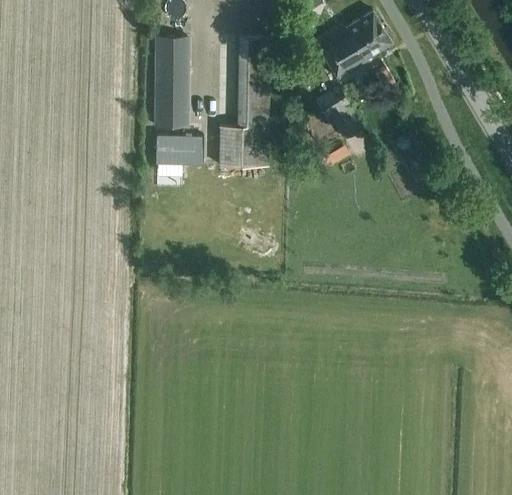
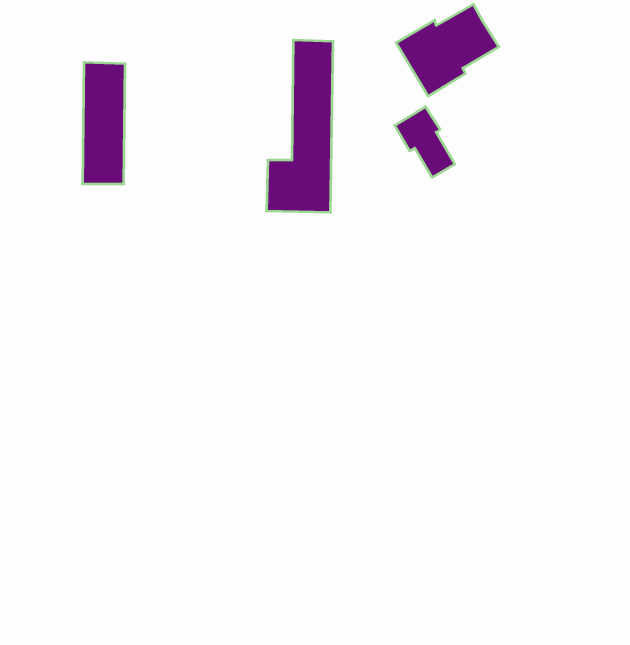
building: [155,37,187,128] -> [82,62,125,184]
building: [157,135,205,165] -> none

